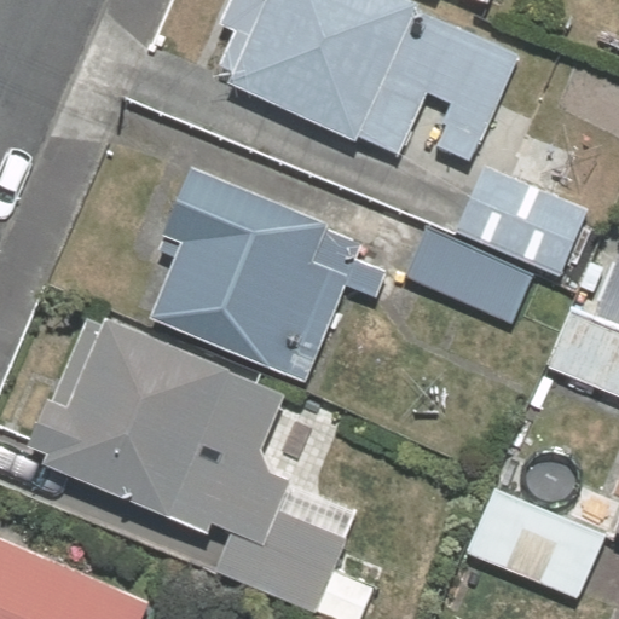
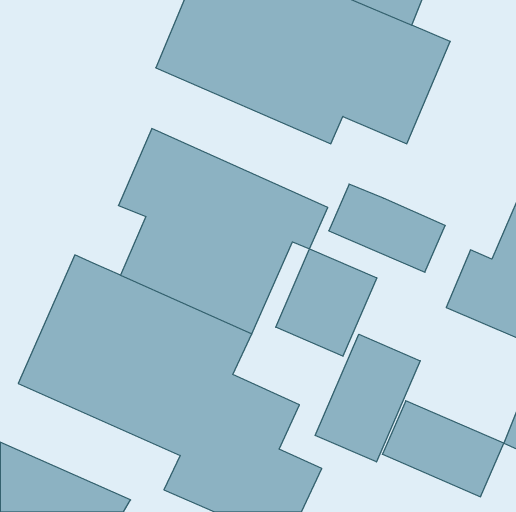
building: [459,172,598,285] -> none
building: none -> [276,249,377,356]
building: none -> [315,334,420,462]

